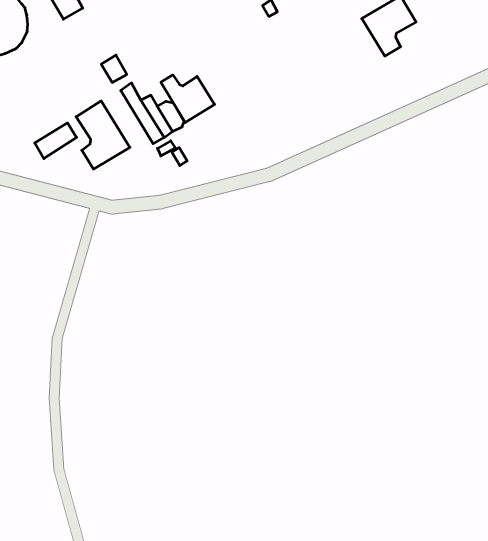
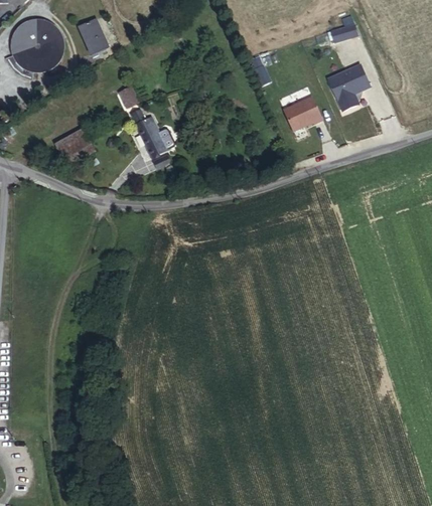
building: none -> [283,94,320,127]
building: [161,75,215,123] -> none
building: [76,101,130,169] -> none

